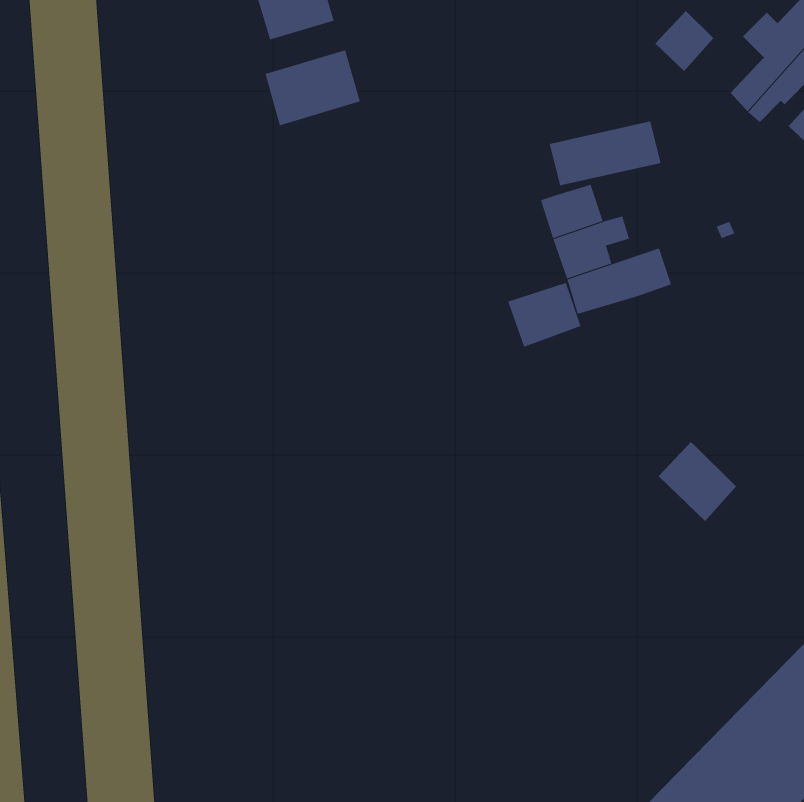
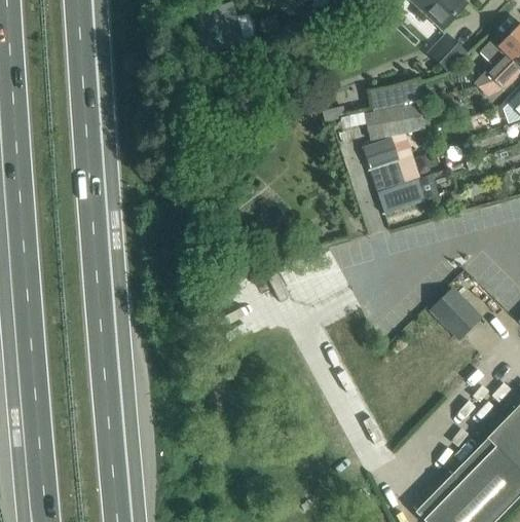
building: [265,49,360,126] -> none
building: none -> [365,85,407,111]
building: [508,282,581,347] -> none

